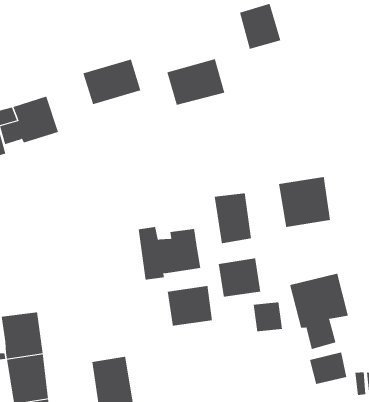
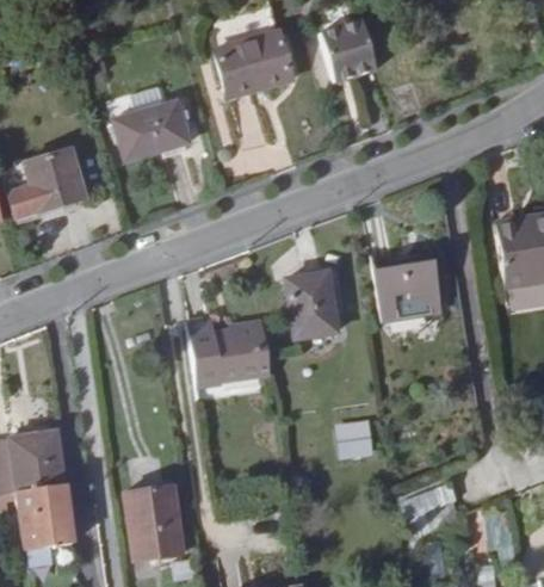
building: [166,58,225,106] -> [215,35,292,97]
building: [218,257,261,298] -> none
building: [290,273,348,350] -> none
building: [167,285,212,326] -> none

